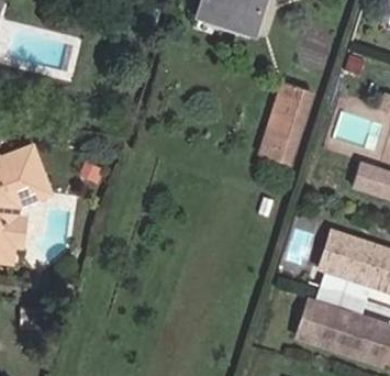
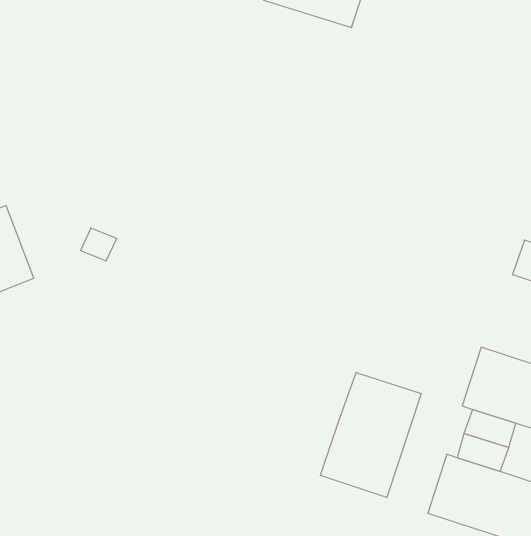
building: [261,81,313,164] -> none
building: none -> [320,372,421,498]

